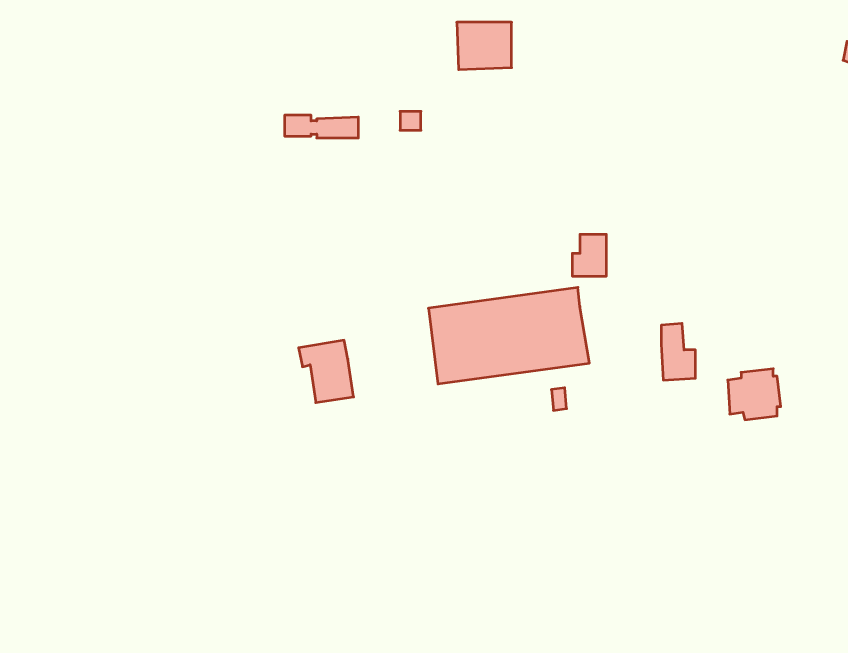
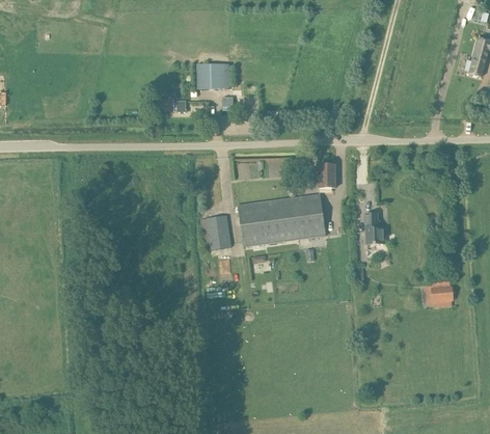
building: [457,22,512,70] -> [196,63,226,89]
building: [299,340,354,403] -> [201,215,232,249]
building: [728,369,781,420] -> [425,280,454,308]

